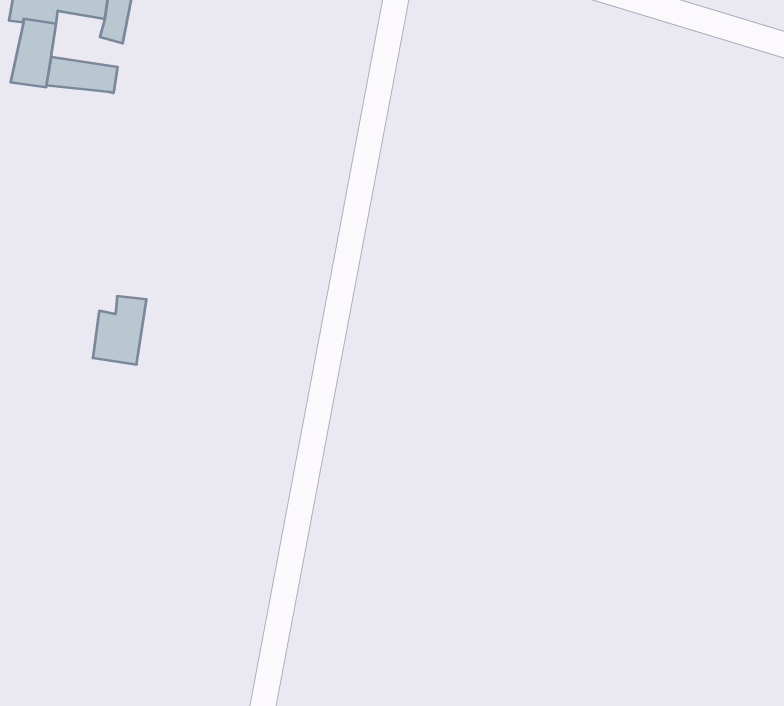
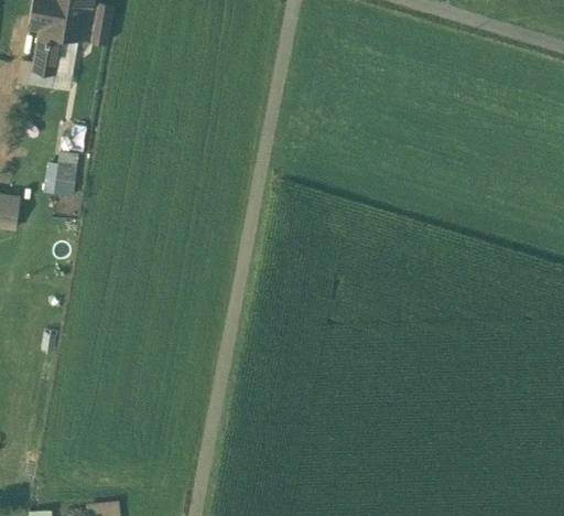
building: [47,57,118,93] -> none
building: [93,296,146,364] -> [43,149,79,195]

